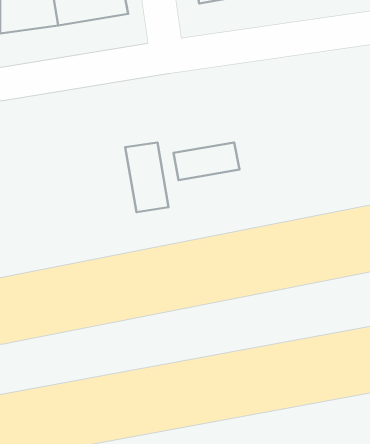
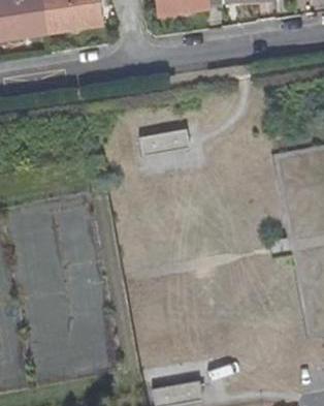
building: [125,142,168,212] -> none

